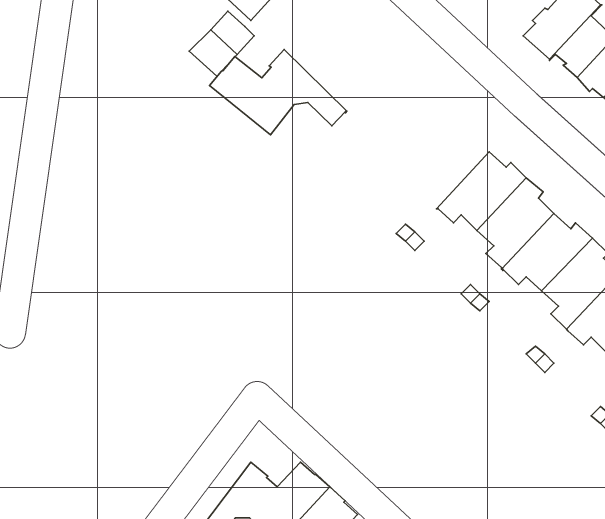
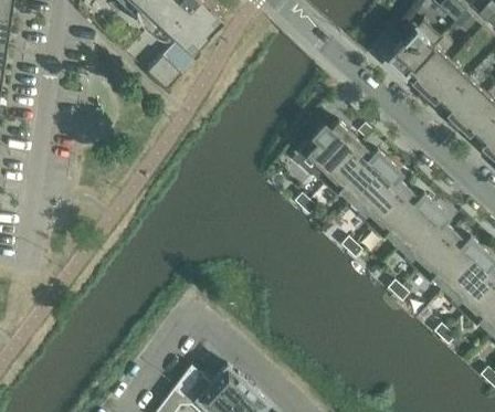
building: [209,50,347,135] -> none
building: none -> [306,120,361,183]

